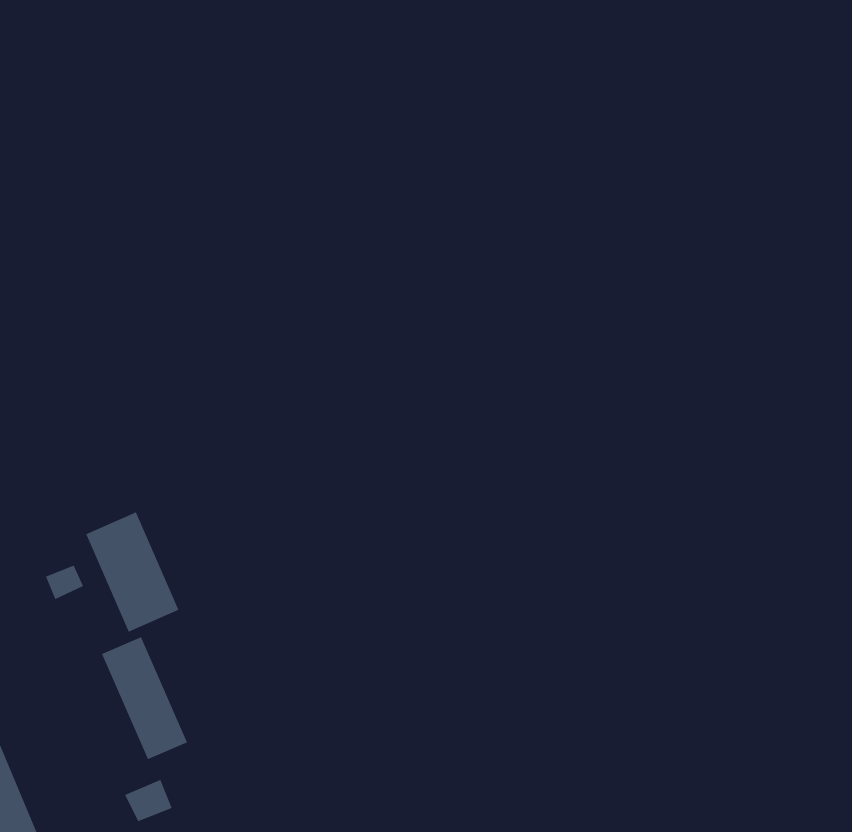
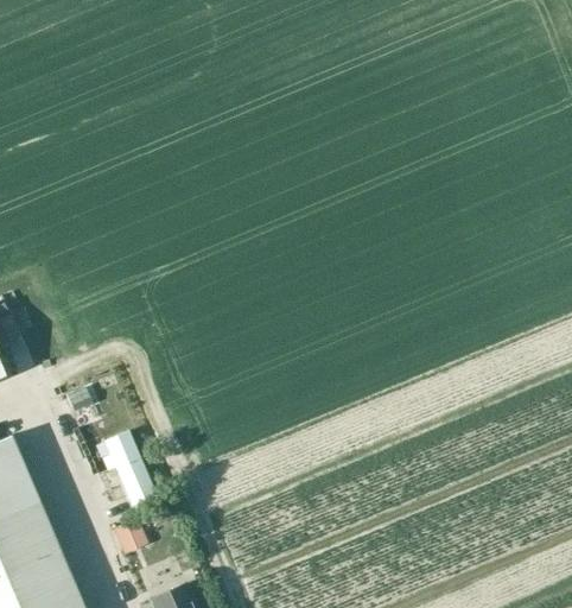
building: [86,512,179,633] -> none

